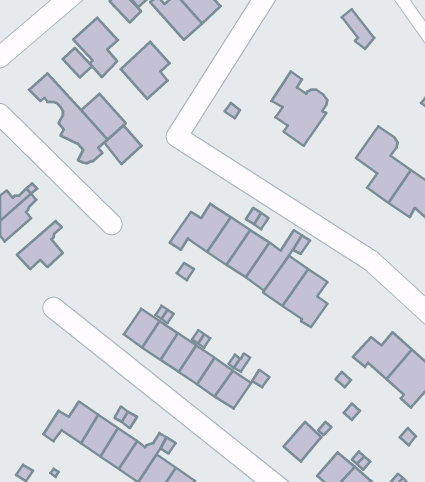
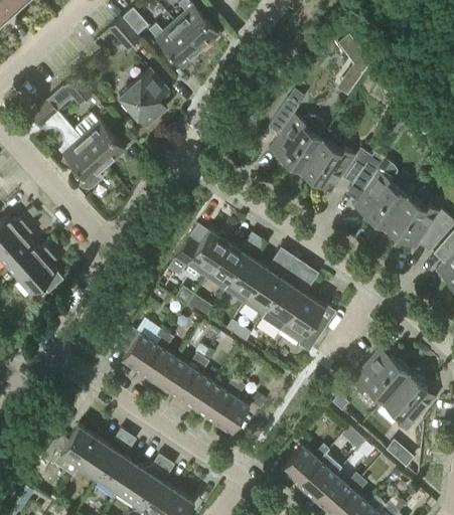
building: [73,18,118,77] -> none
building: none -> [301,141,371,186]
building: [104,125,142,164] -> none
building: none -> [5,241,55,281]
building: none -> [298,461,334,499]

